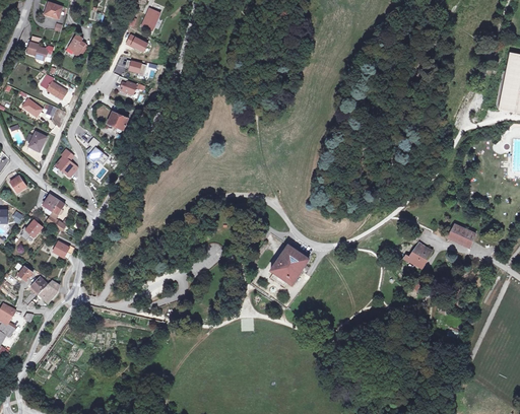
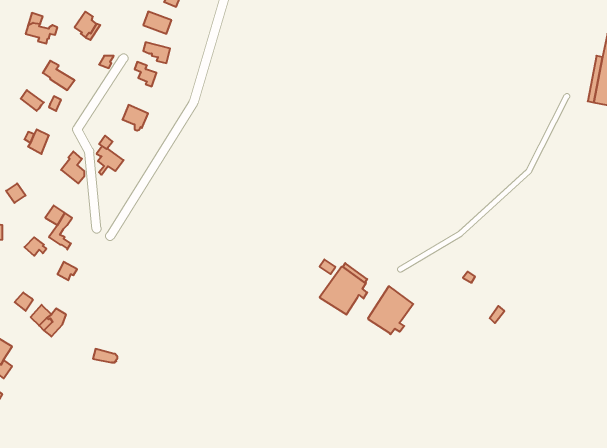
building: [447,224,475,249] -> none
building: [403,243,432,269] -> none
building: none -> [368,286,413,334]

